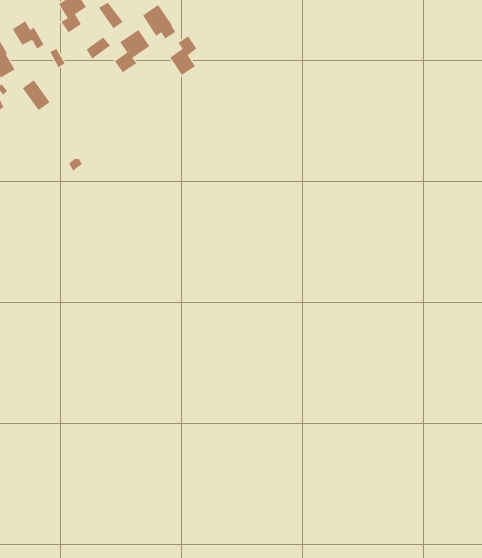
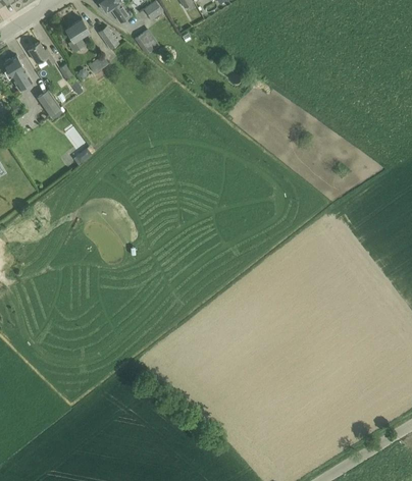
building: [114,29,150,73] -> none
building: [169,36,197,76] -> none

